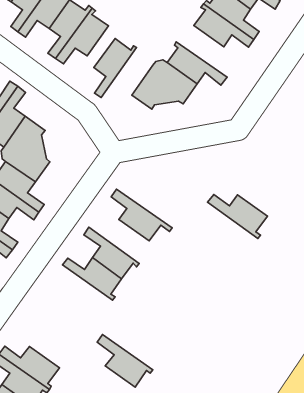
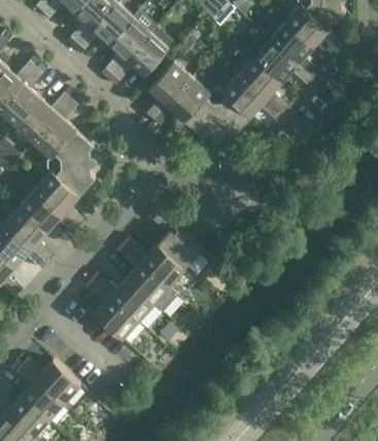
building: none -> [234,58,287,113]
building: none -> [152,73,208,127]
building: [207,194,268,239] -> [126,241,184,291]
building: [97,334,153,387] -> [89,283,141,340]

